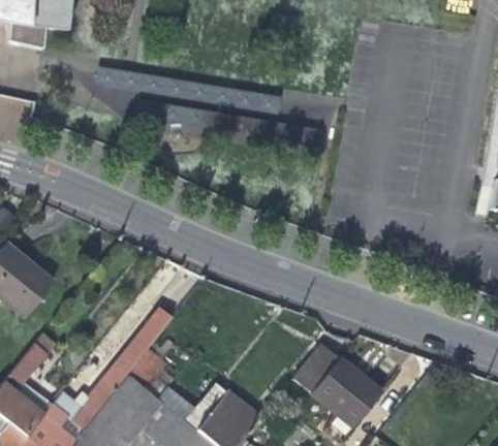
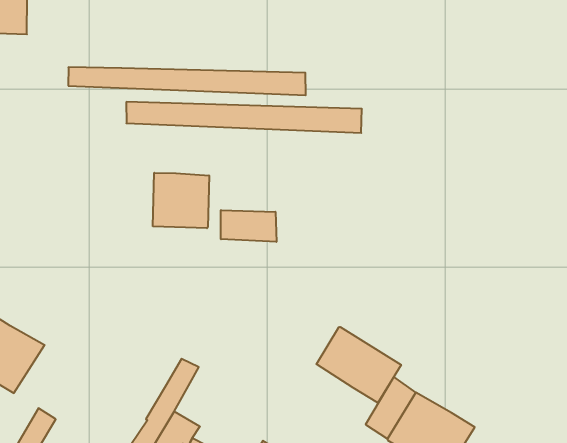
building: none -> [153,173,209,228]
building: none -> [221,210,276,242]
building: none -> [316,327,401,403]

